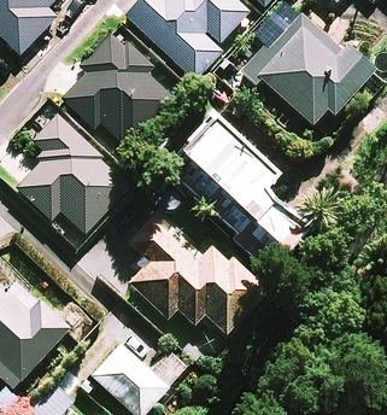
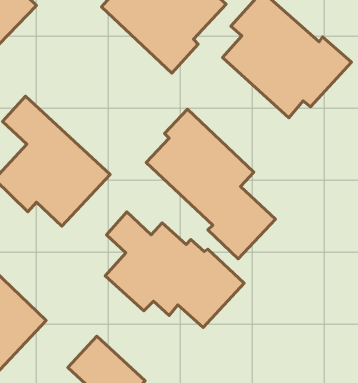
building: [63,31,174,150] -> none

